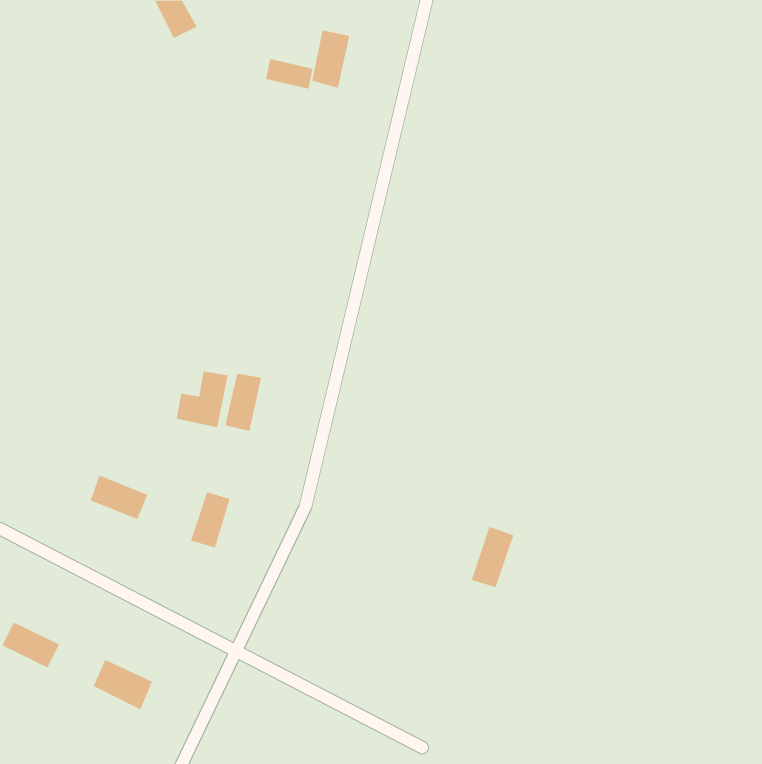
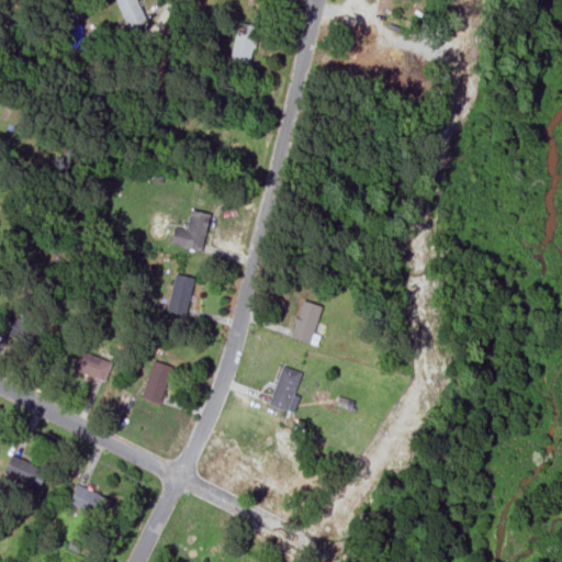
building: [265,58,313,89] -> none
building: [176,371,228,428] -> [171,211,210,252]
building: none -> [292,301,322,345]
building: [471,526,514,588] -> [269,367,301,412]

